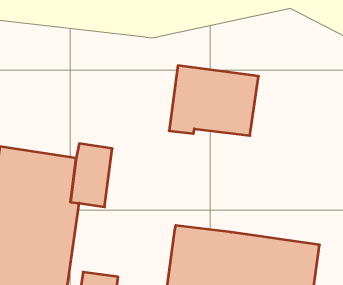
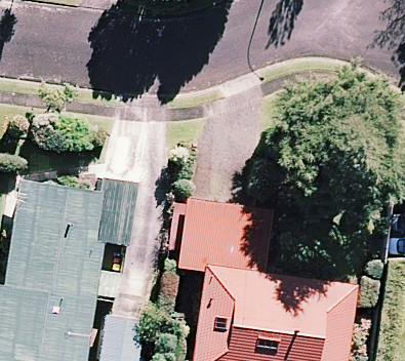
building: [169,66,259,136] -> [178,198,273,272]

